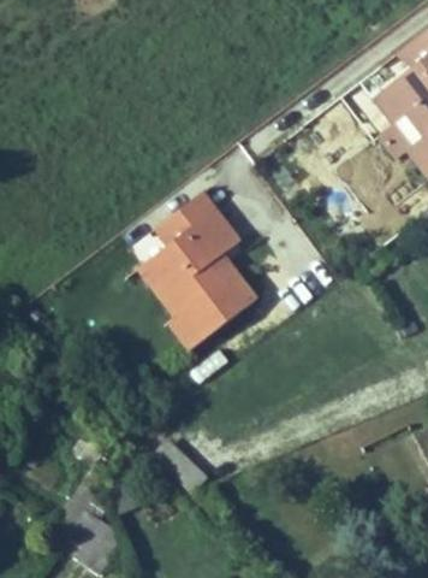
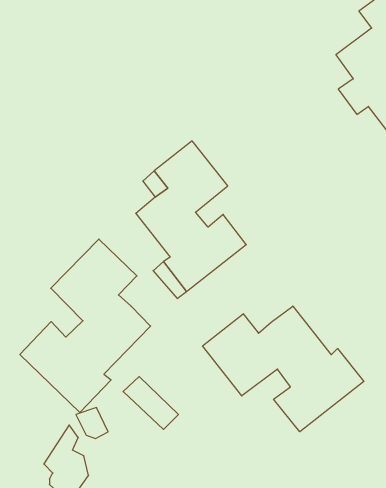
building: none -> [20,239,151,413]
building: none -> [203,306,364,432]

